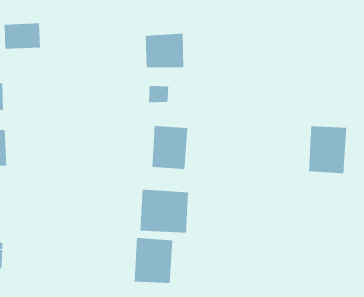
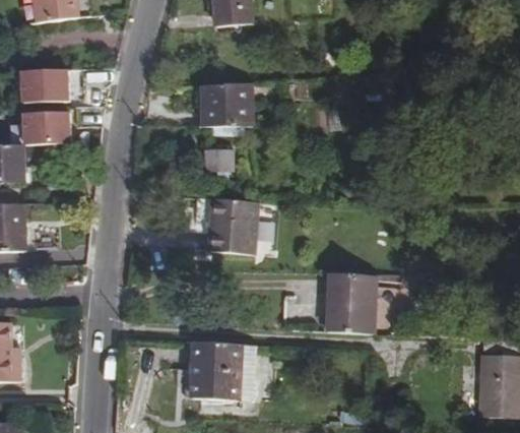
building: none -> [22,111,69,144]
building: [308,126,347,174] -> [327,273,377,334]
building: [140,189,189,233] -> none

